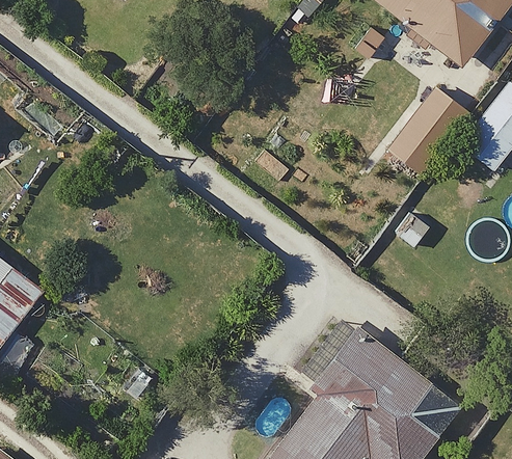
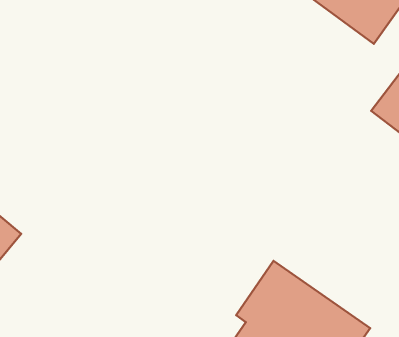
building: [390,89,468,176] -> none

